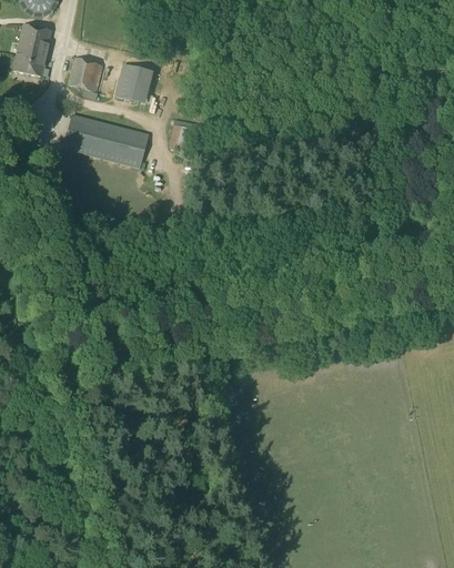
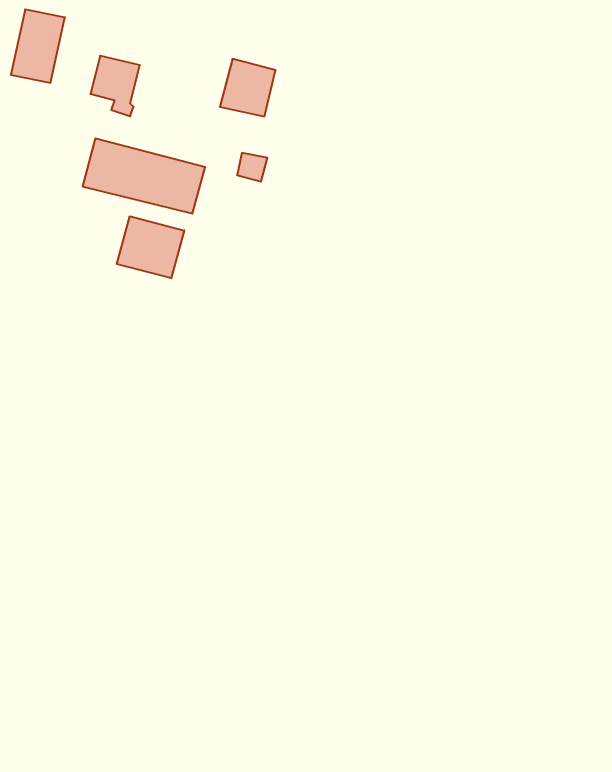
building: [115,63,154,103] -> [220,59,276,116]
building: none -> [117,216,184,278]

